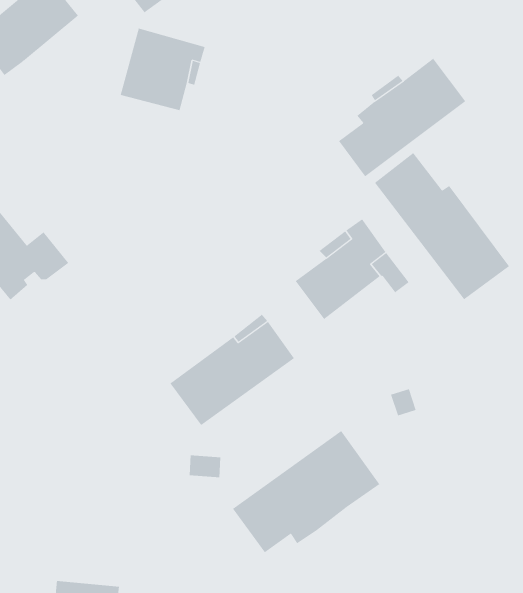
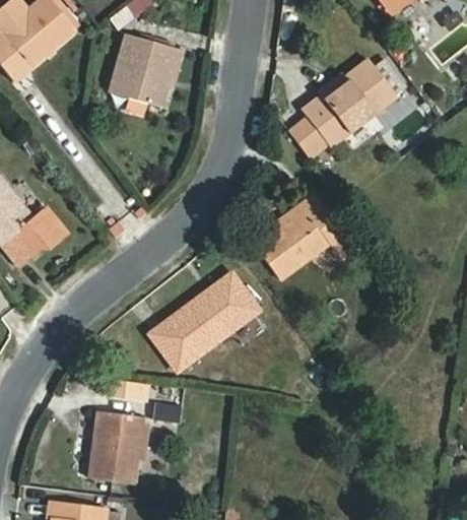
building: [374,152,510,300] -> none
building: [232,430,380,553] -> none
building: none -> [90,410,139,481]

